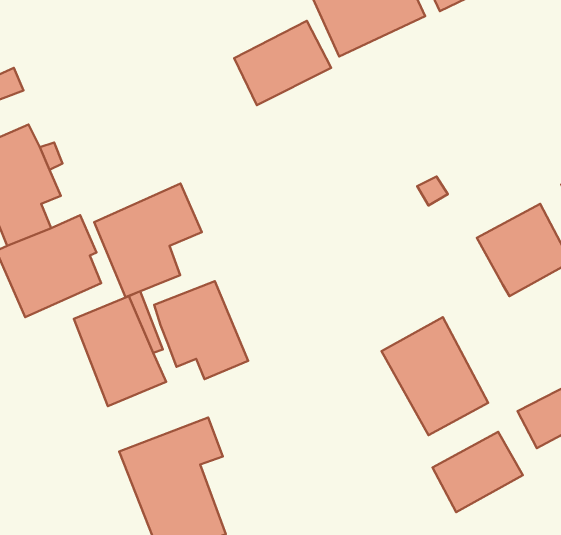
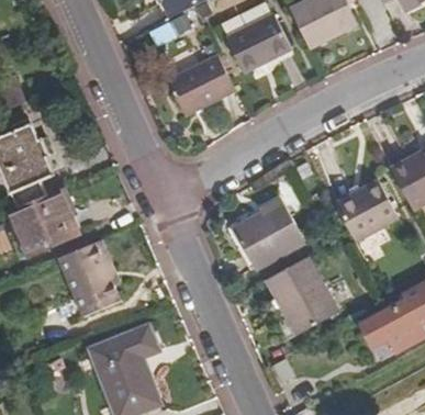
building: [94,184,202,297] -> none
building: none -> [234,200,304,267]
building: [154,281,248,379] -> none
building: [432,432,523,512] -> none

